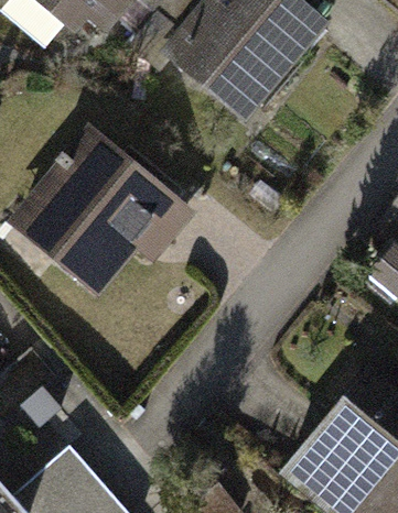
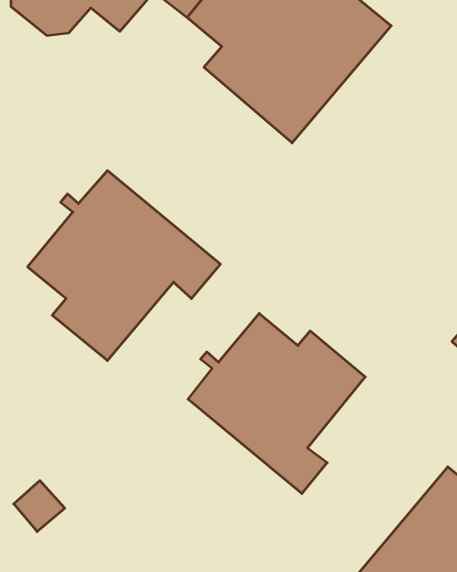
building: none -> [188,313,365,494]

